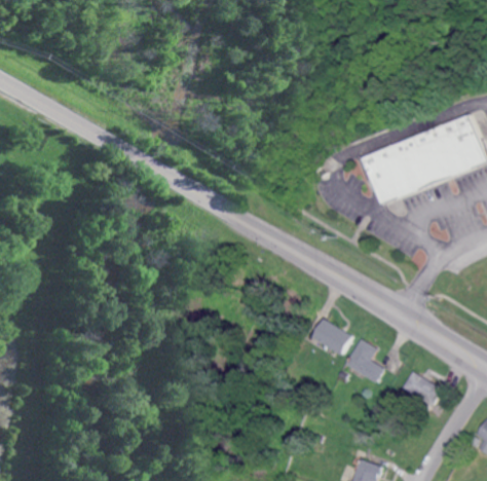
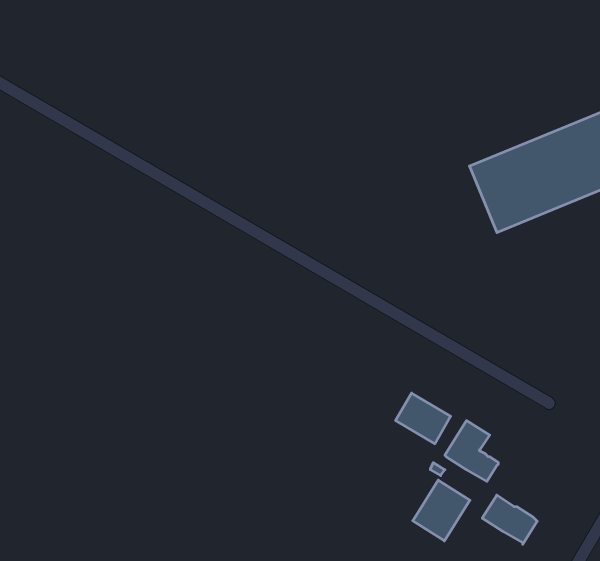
building: [401,370,440,405] -> [482,495,537,544]
building: none -> [413,480,470,541]

